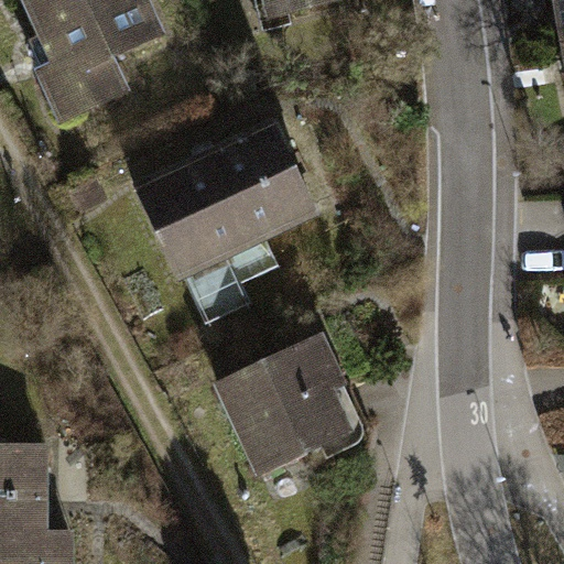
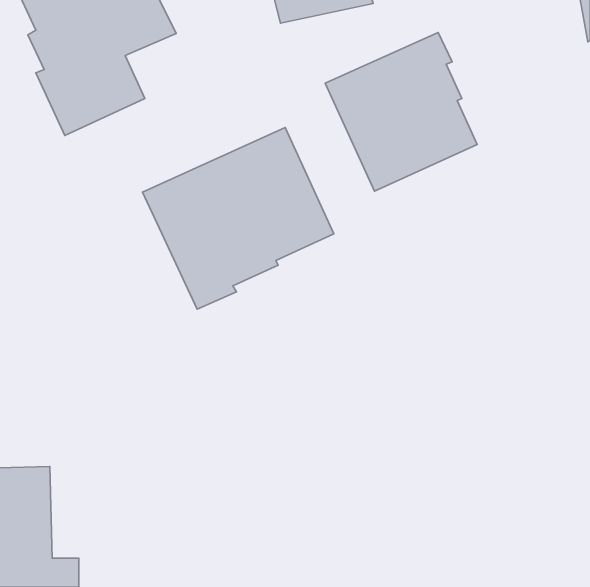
building: none -> [325,32,477,191]
building: [215,333,370,474] -> none

